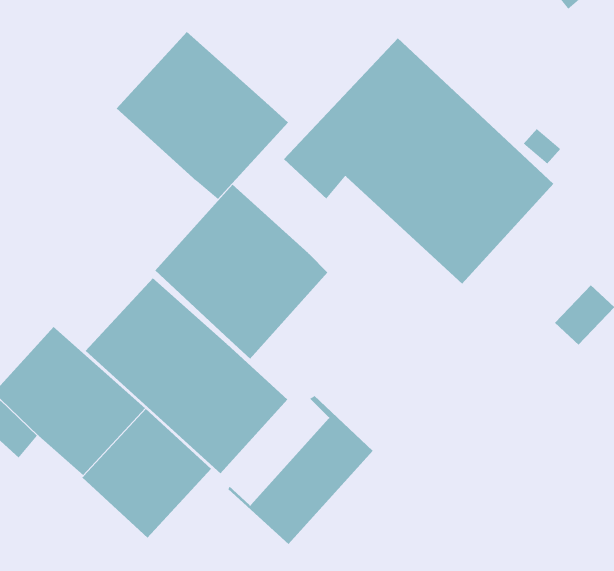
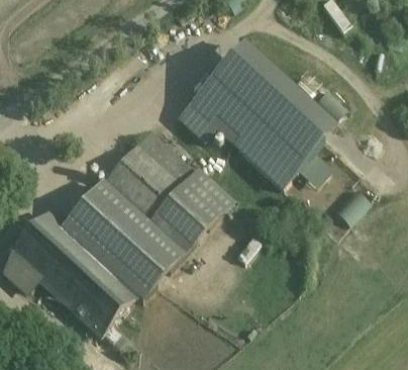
building: [116,31,289,200] -> none
building: [228,395,374,545] -> [144,168,229,255]

